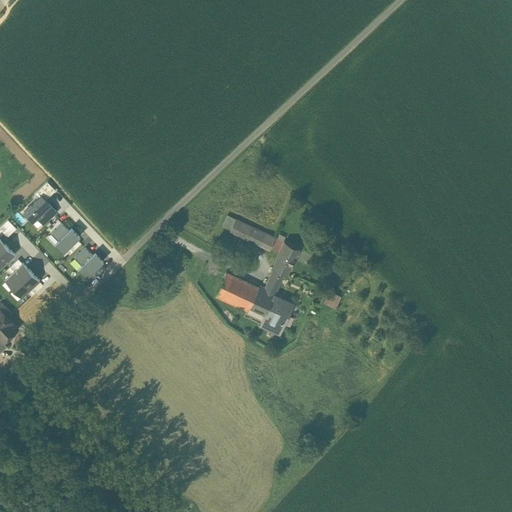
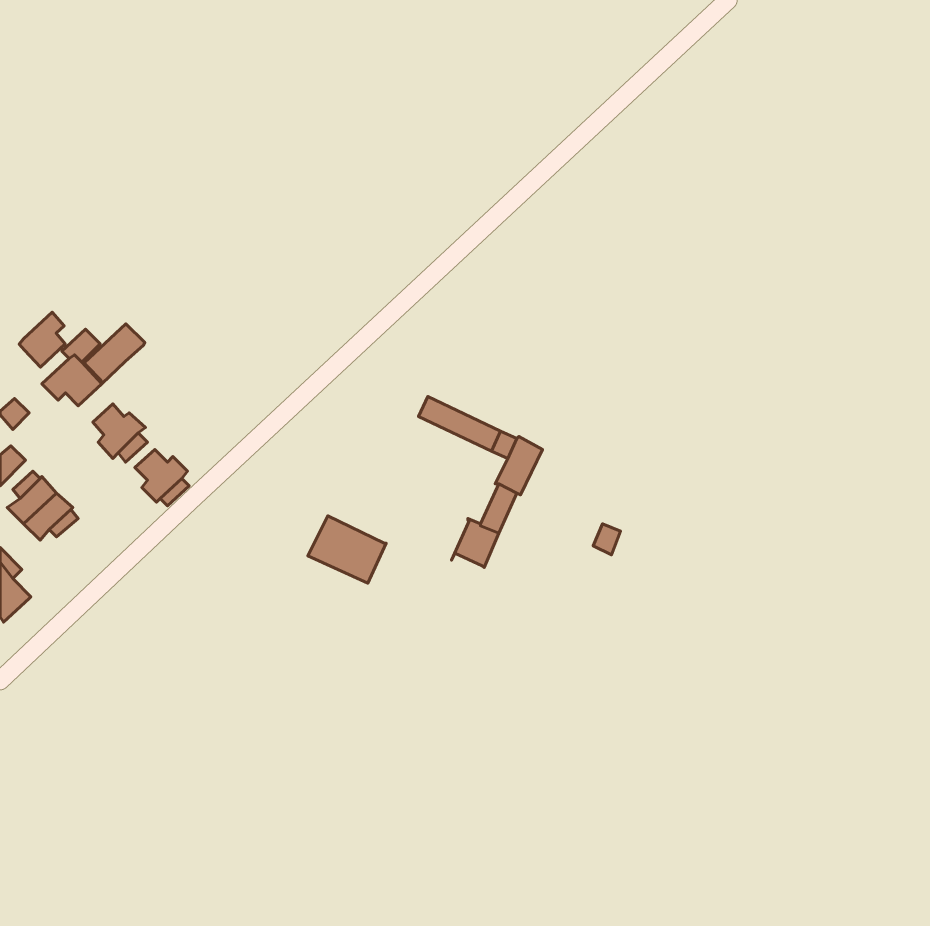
building: none -> [19,312,65,367]
building: none -> [84,324,145,384]
building: [215,273,258,310] -> [308,516,386,583]
building: [260,295,292,334] -> none

